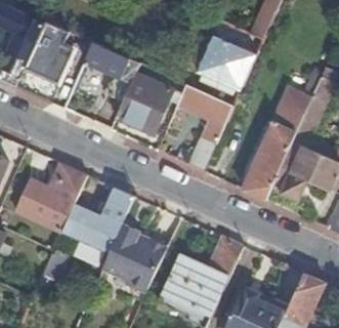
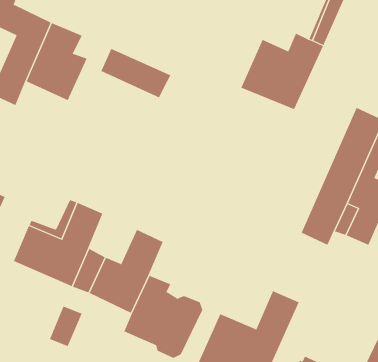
building: [116,74,171,133] -> none
building: [177,84,232,172] -> none

